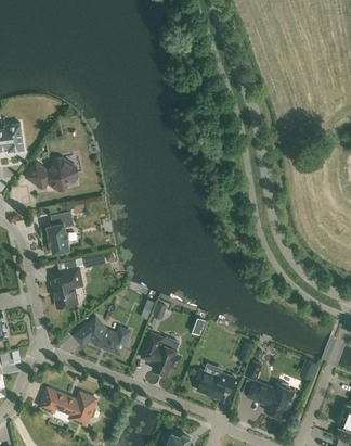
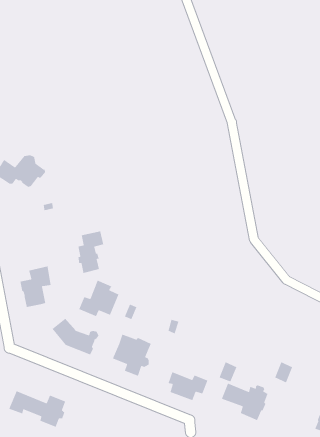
building: [47,212,73,254] -> [77,231,104,274]
building: none -> [78,279,119,317]

